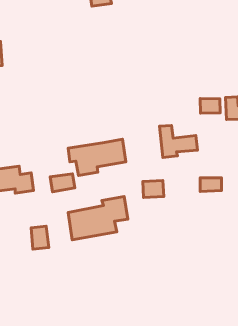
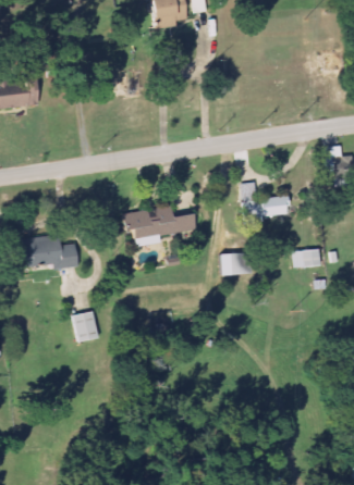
building: [200,98,220,113] -> none
building: [50,174,75,192] -> none
building: [68,197,128,240] -> none

